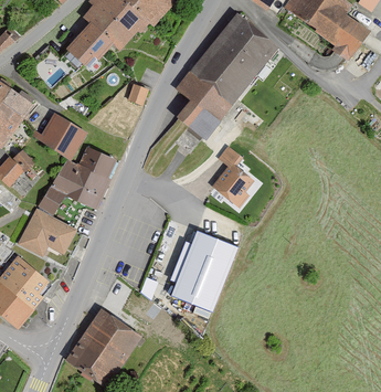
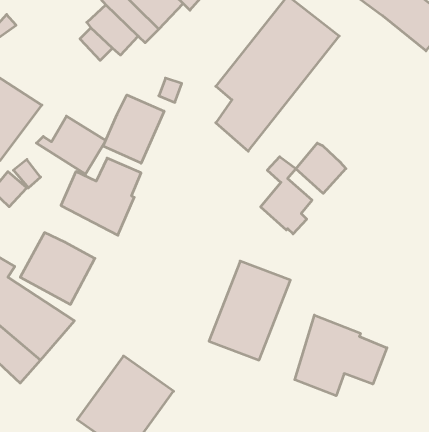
building: none -> [103,95,164,163]
building: none -> [296,143,346,193]
building: [36,186,64,215] -> none
building: none -> [295,315,387,396]

